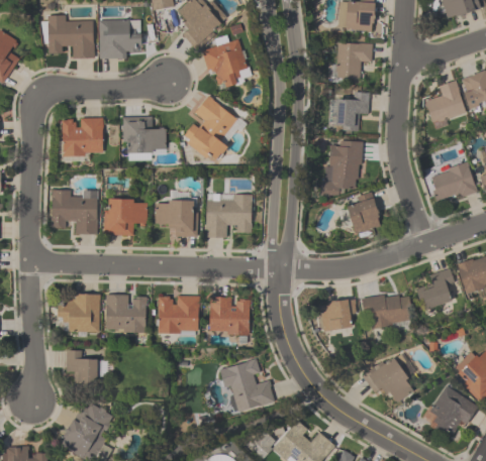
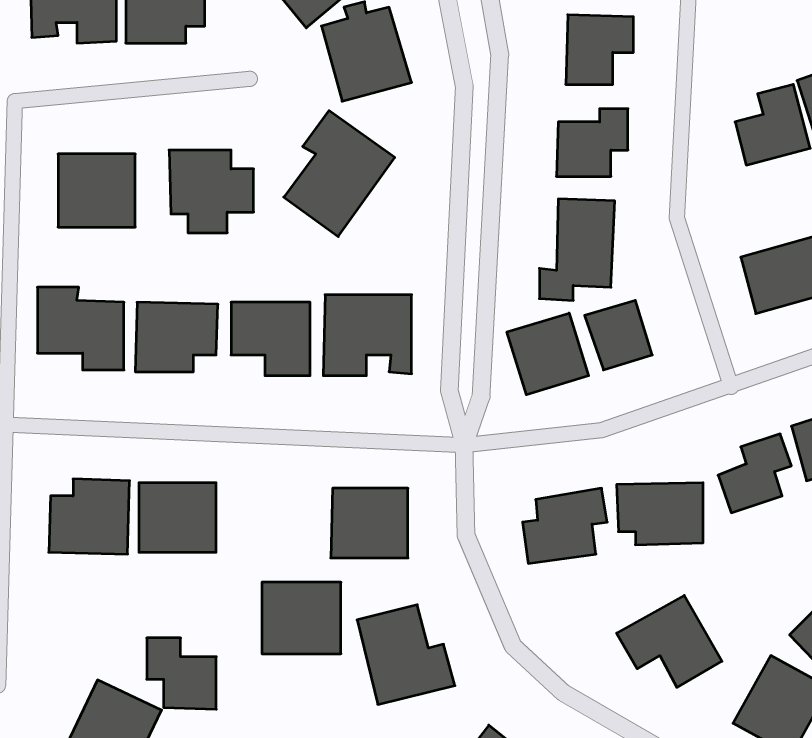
building: none -> [507,313,589,395]
building: [157,294,199,332] -> [262,582,341,654]
building: [66,349,103,387] -> [147,638,216,709]

